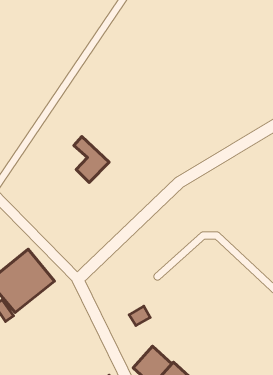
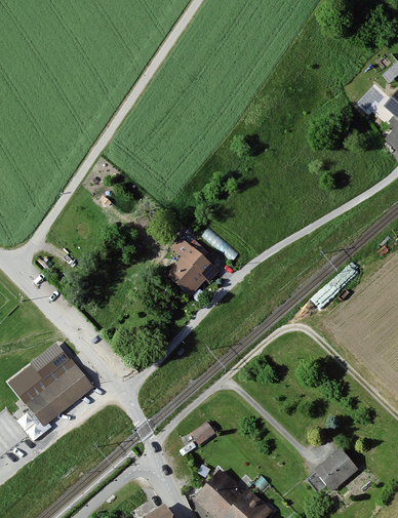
building: [74,137,109,182] -> [167,235,212,293]
building: none -> [313,446,357,490]

